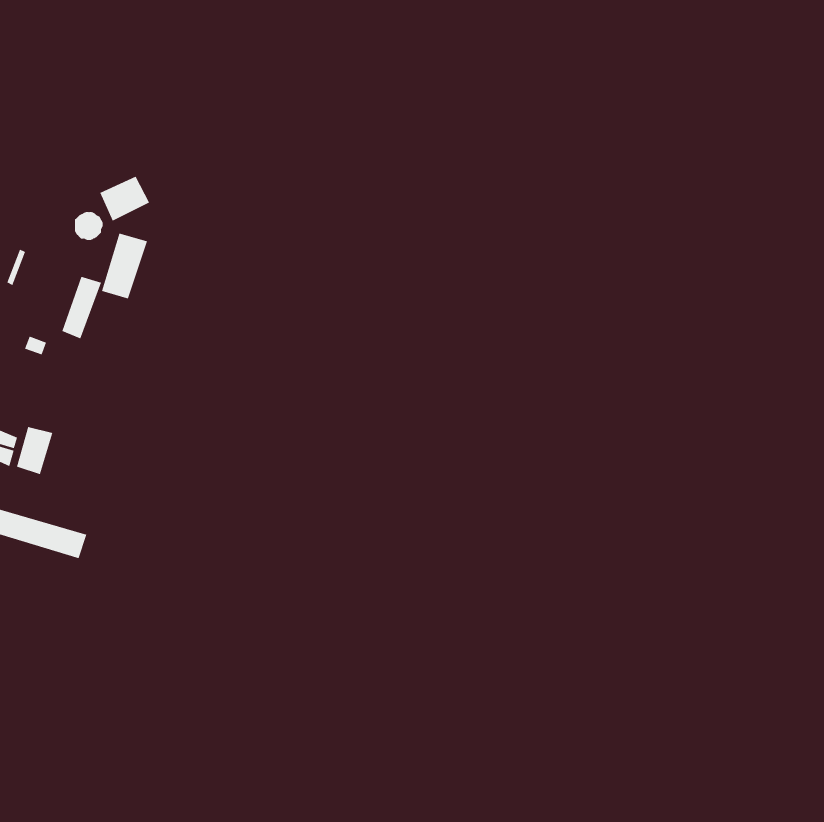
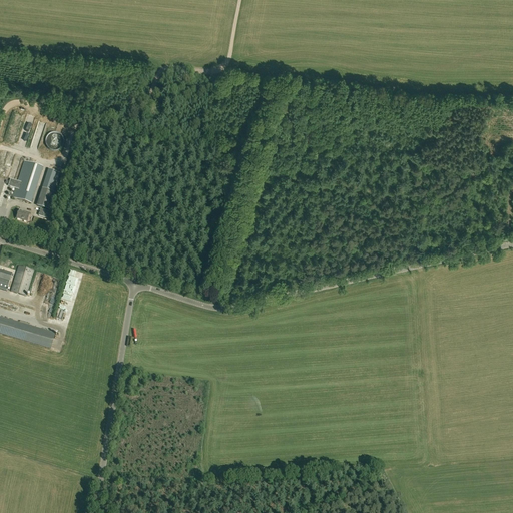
building: [100,176,150,222] -> none
building: [101,233,148,299] -> [12,160,41,201]

